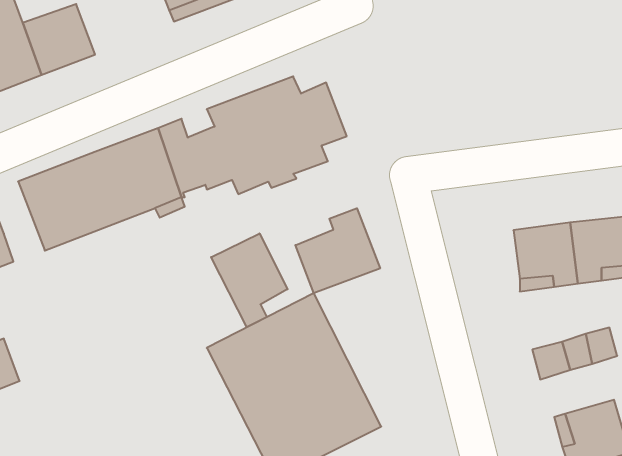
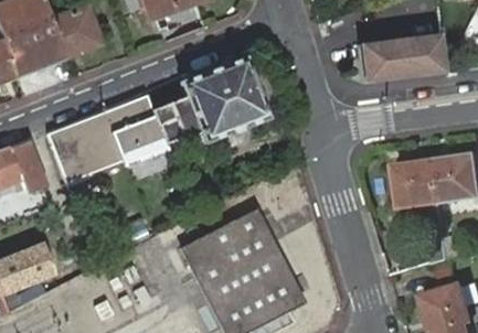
building: none -> [359,34,444,83]
building: [295,208,380,293] -> none
building: [211,233,288,327] -> none

